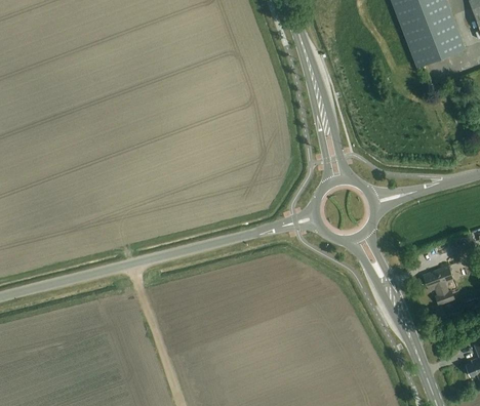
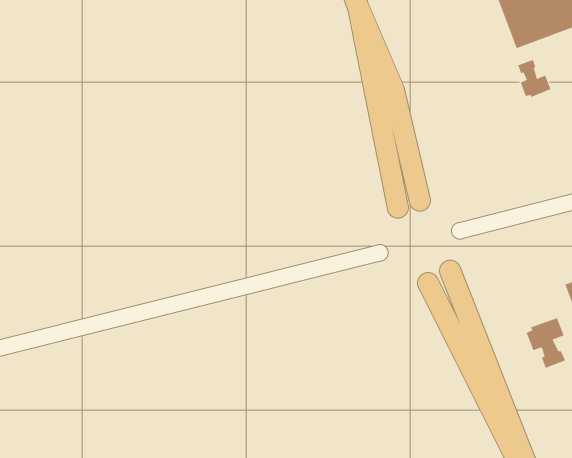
building: none -> [517,59,551,98]

